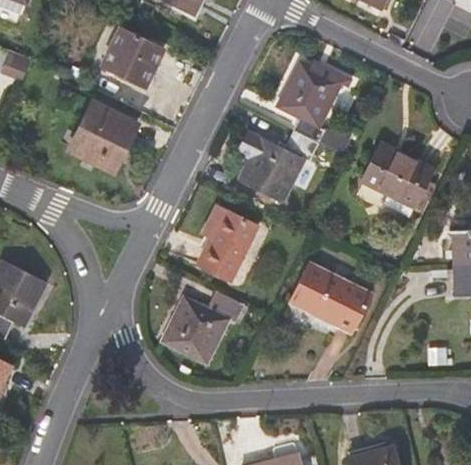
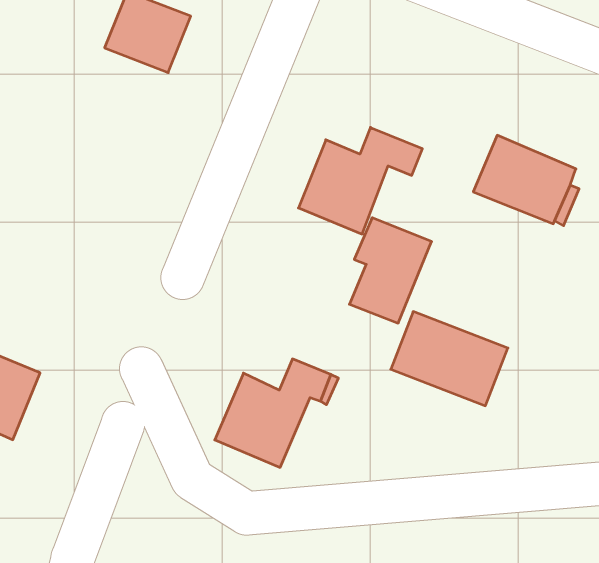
building: [275,62,350,153] -> none
building: [68,107,137,178] -> none
building: [201,204,262,279] -> [349,218,432,323]

